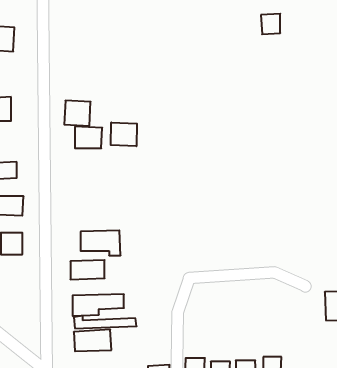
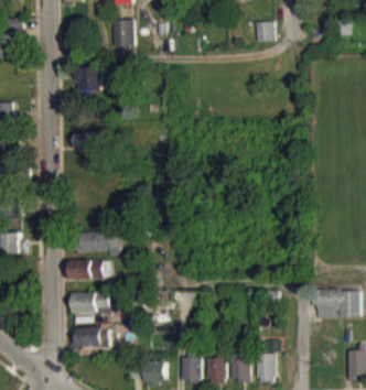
building: none -> [111,20,132,46]
building: [64,101,91,126] -> [74,66,99,90]
building: [111,122,137,146] -> none

